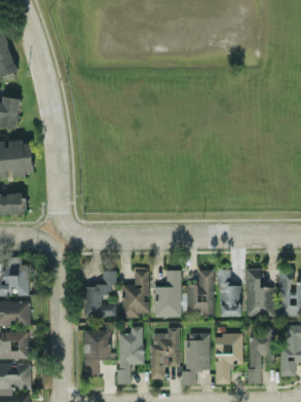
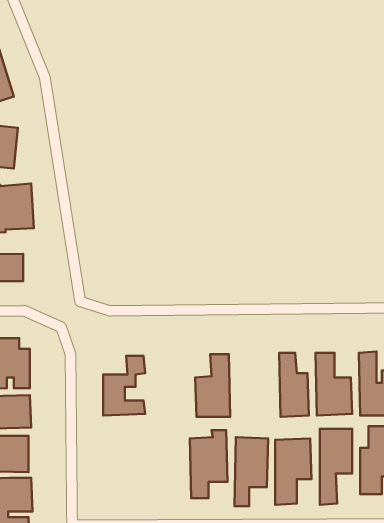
building: [187,269,215,316] -> none
building: [122,270,149,318] -> none
building: [118,327,144,385] -> none
building: [83,330,112,376] -> none

